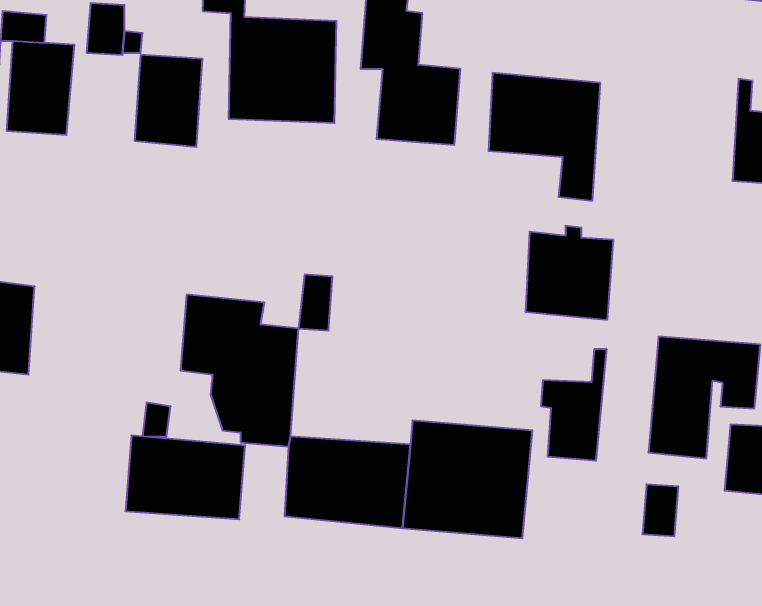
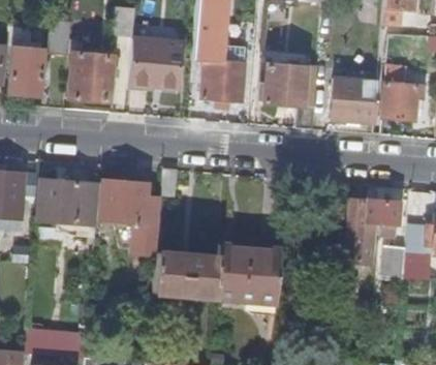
building: [525,226,613,320] -> [334,74,379,123]
building: [541,349,606,461] -> none
building: [125,435,245,519] -> [38,180,100,223]

